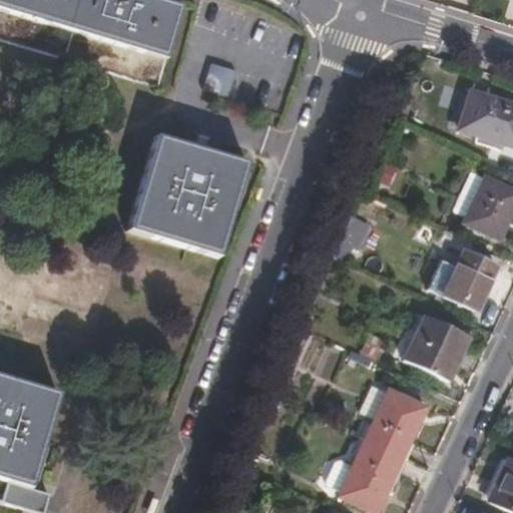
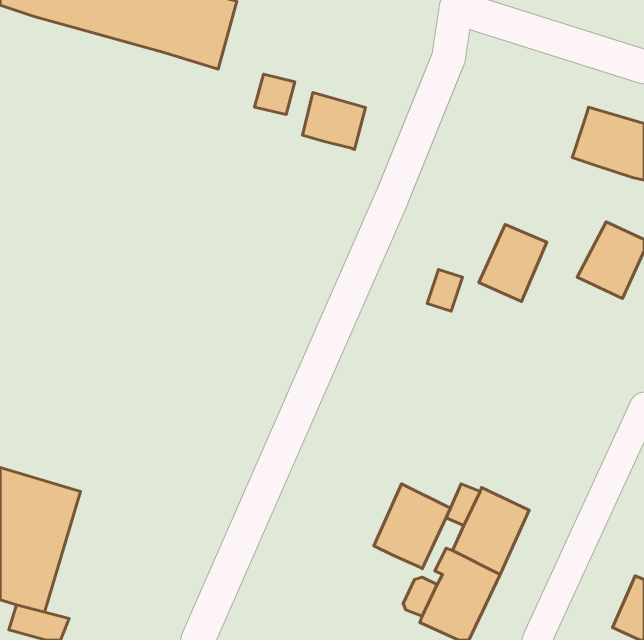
building: none -> [303,93,365,149]
building: [134,135,254,259] -> none
building: [442,249,496,311] -> [479,225,547,301]
building: [399,314,467,381] -> none
building: none -> [374,484,450,569]

